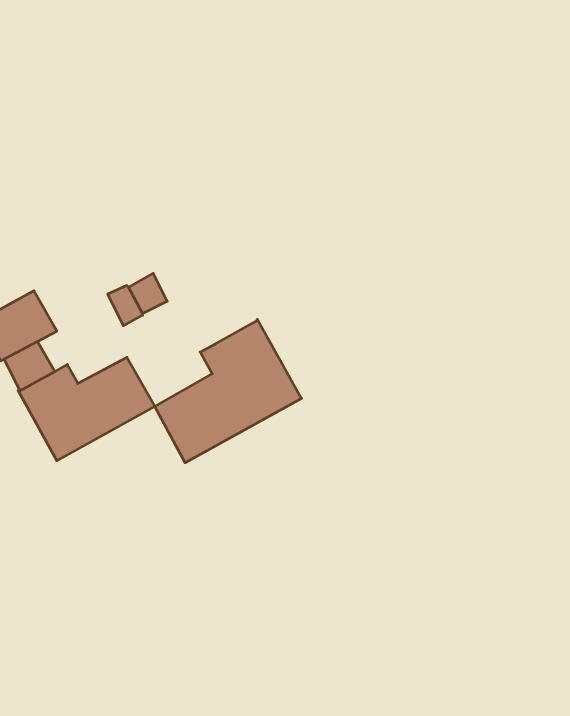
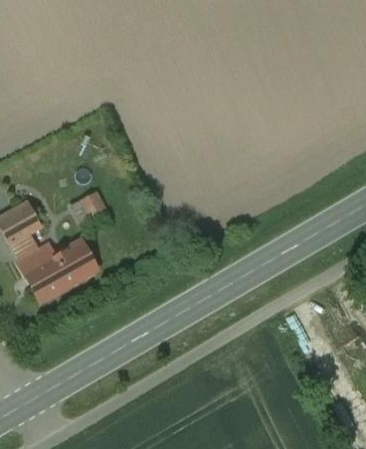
building: [155,319,302,463] -> none

